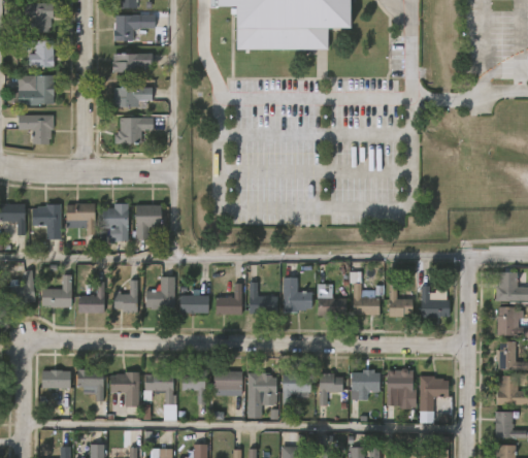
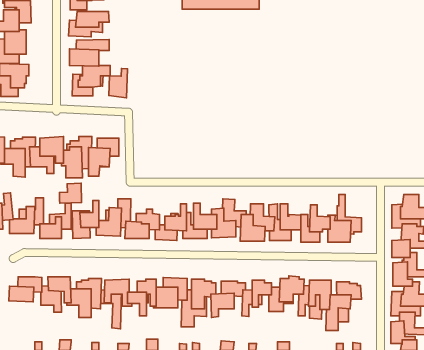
building: none -> [109,69,127,98]
building: none -> [59,183,82,203]

